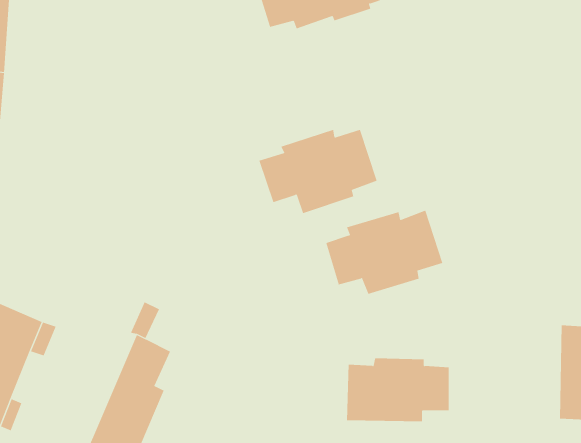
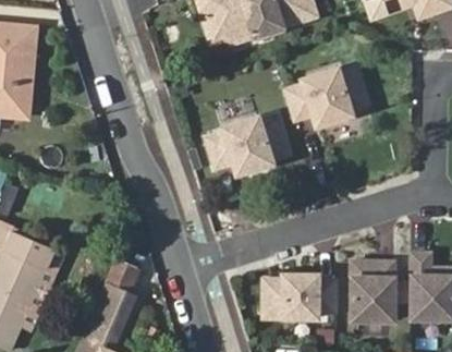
building: [326,210,443,294] -> [284,66,366,125]
building: none -> [353,260,396,320]

